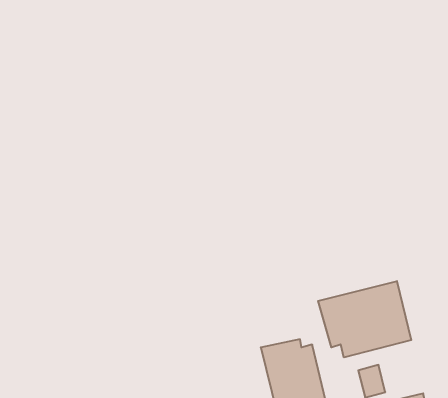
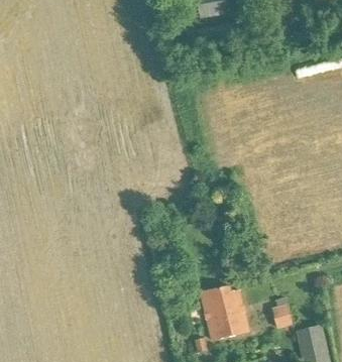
building: [318,281,411,357] -> none

